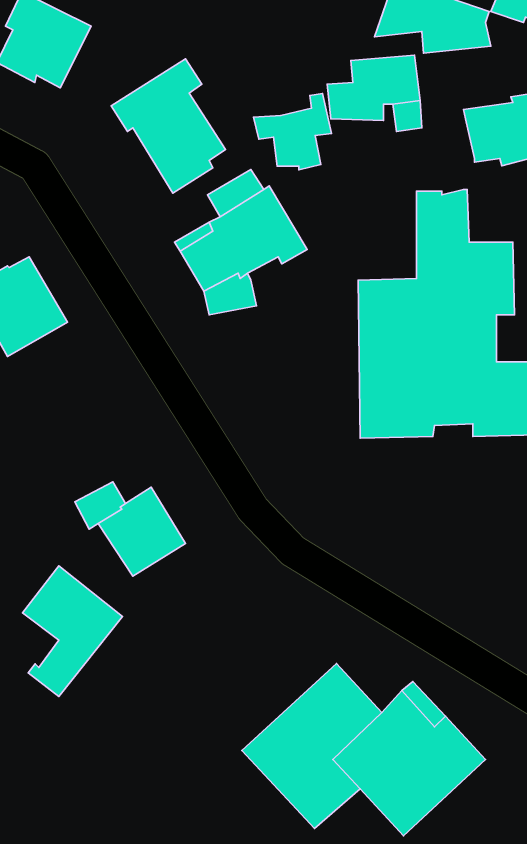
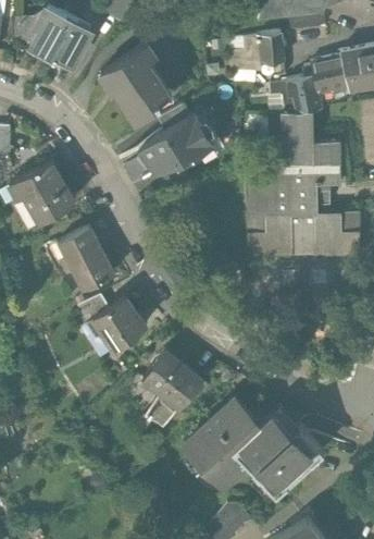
building: [253,94,332,170] -> [270,73,316,119]
building: none -> [63,221,113,285]
building: [23,566,123,697] -> [142,354,202,432]

